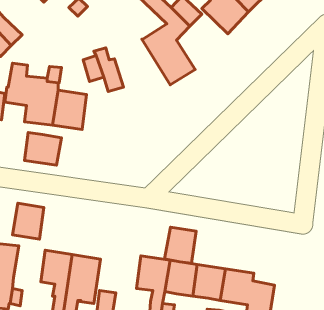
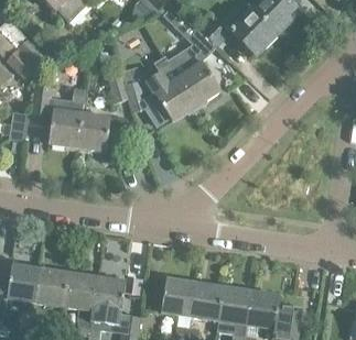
building: none -> [144,55,196,121]
building: [25,133,61,165] -> none
building: [12,203,44,239] -> [37,268,69,305]
building: [165,227,196,263] -> none

